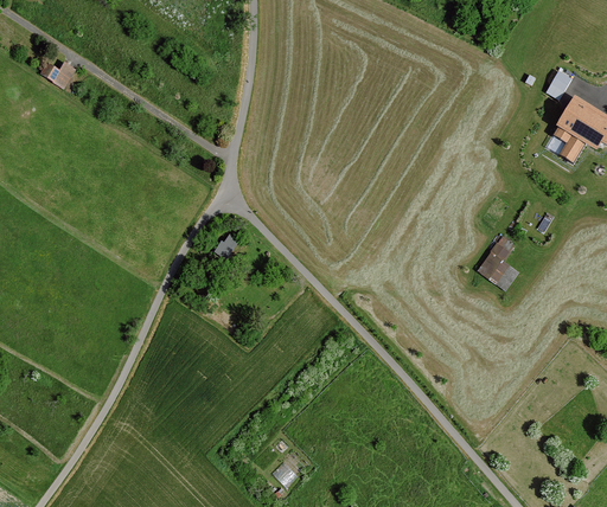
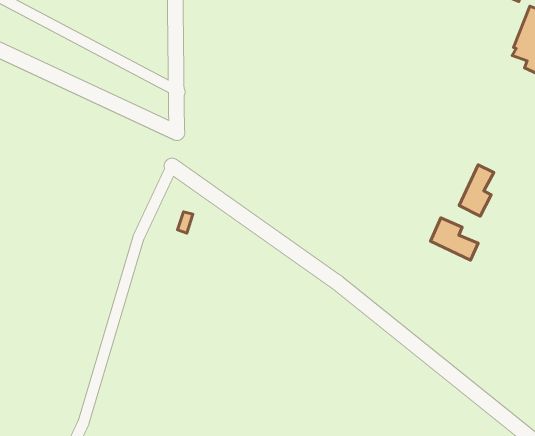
building: none -> [430,218,478,260]

